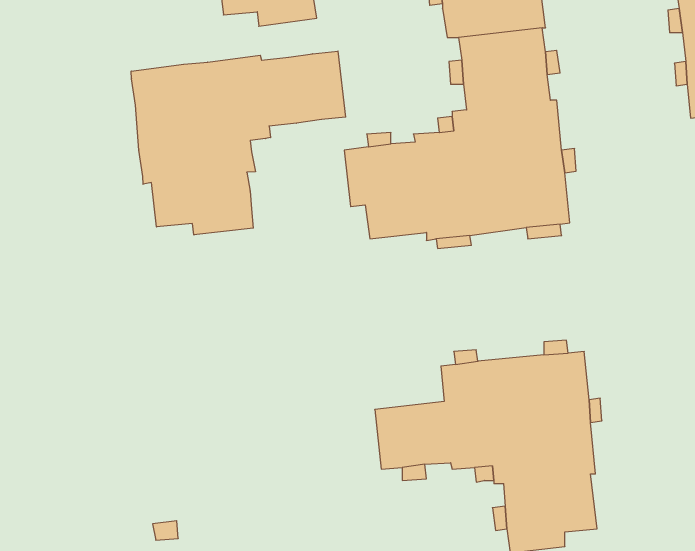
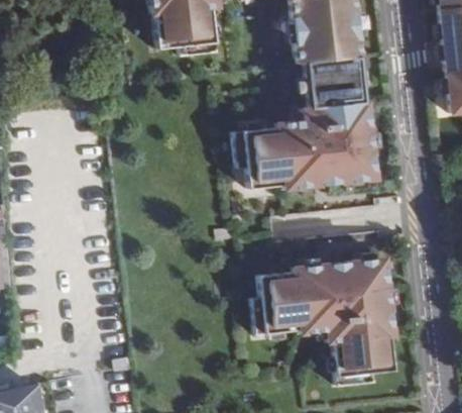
building: [131,51,346,235] -> none

